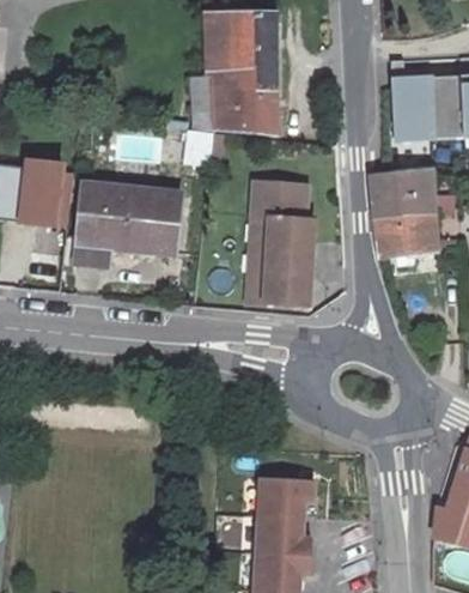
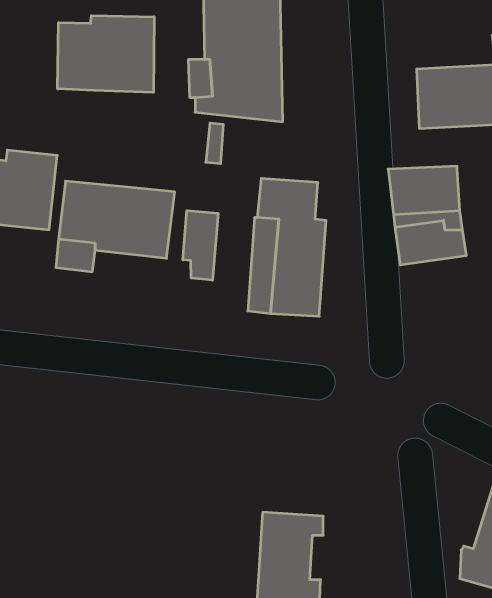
building: none -> [58,16,154,92]
building: none -> [183,211,218,280]

